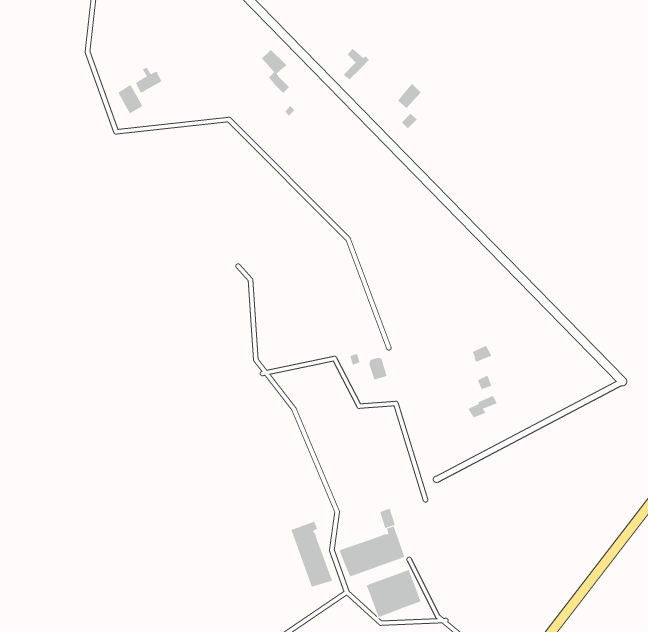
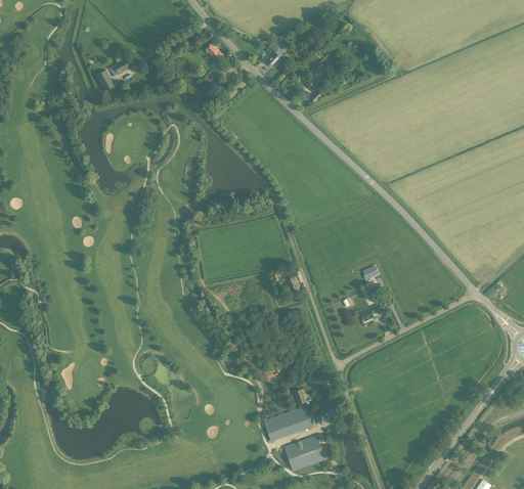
building: [291,521,333,588] -> none

